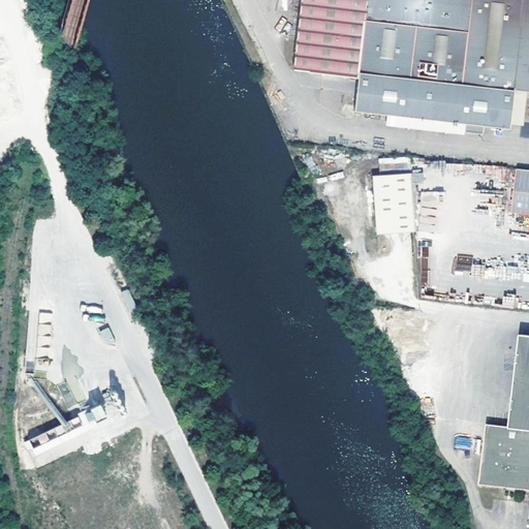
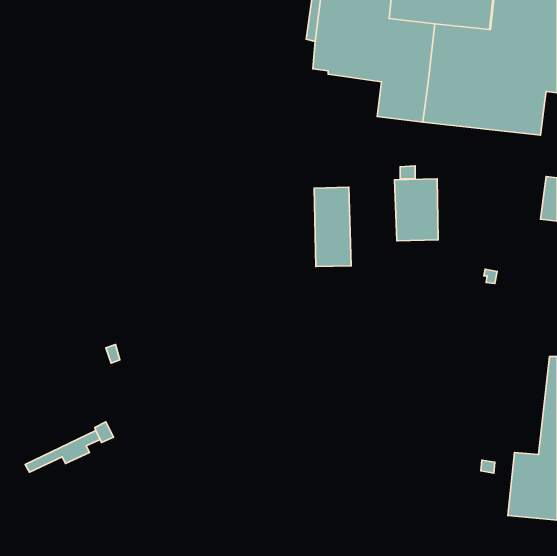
building: none -> [314,187,351,267]

